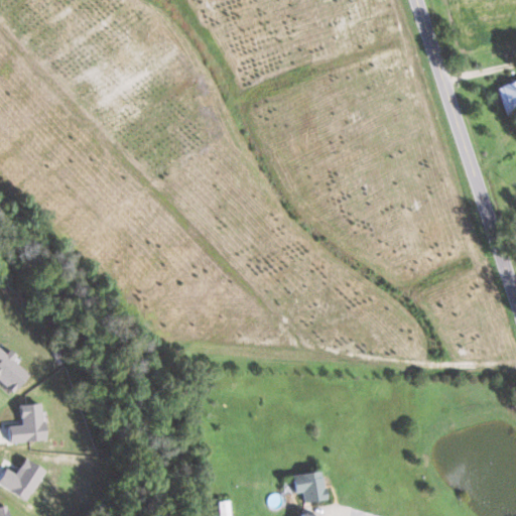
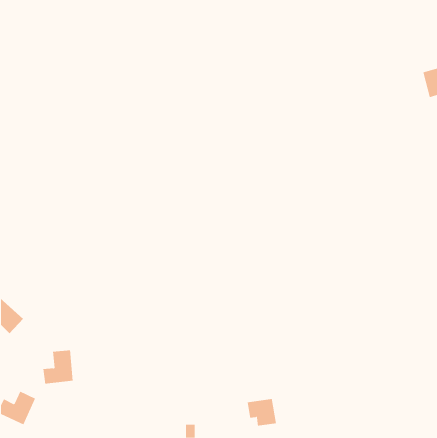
building: [8,403,44,443] -> [43,350,73,384]

